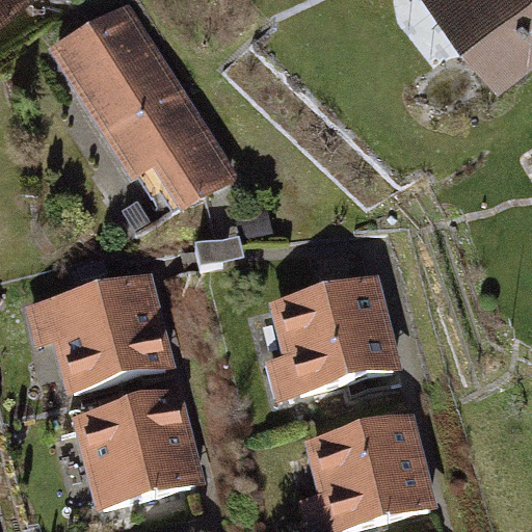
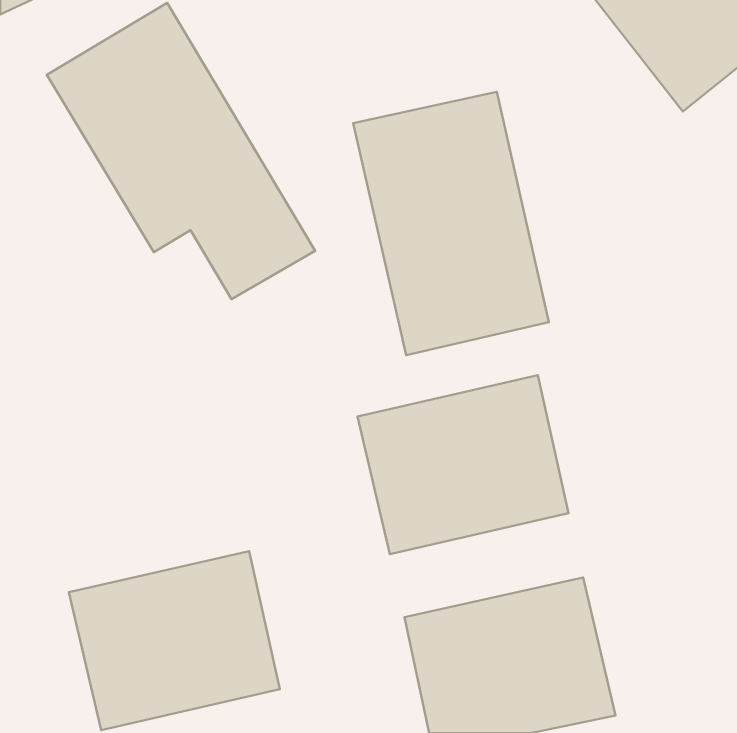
building: none -> [353,92,549,355]
building: [25,270,175,397] -> none

